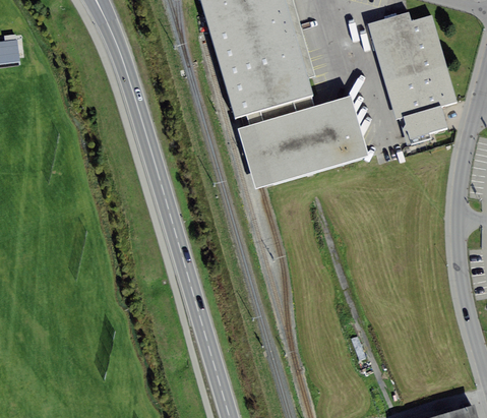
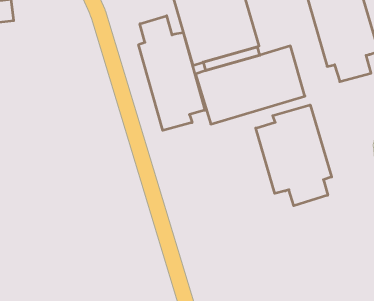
building: none -> [139,16,205,130]
building: none -> [256,105,332,206]

